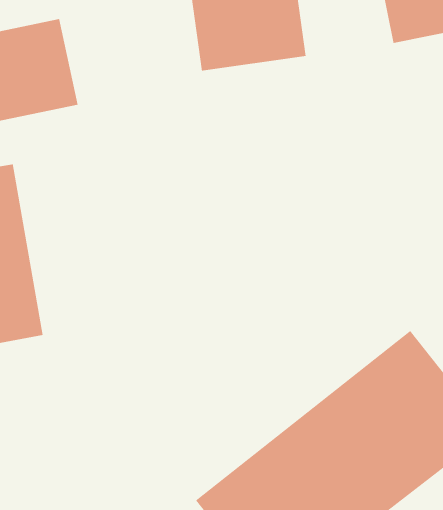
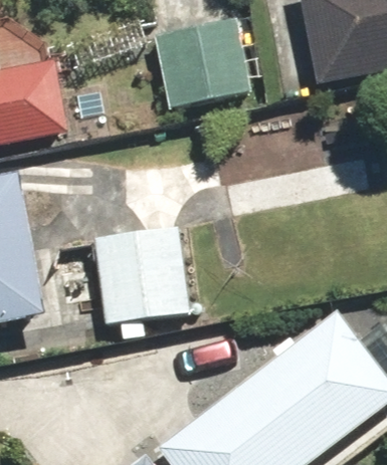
building: none -> [95,226,192,323]

